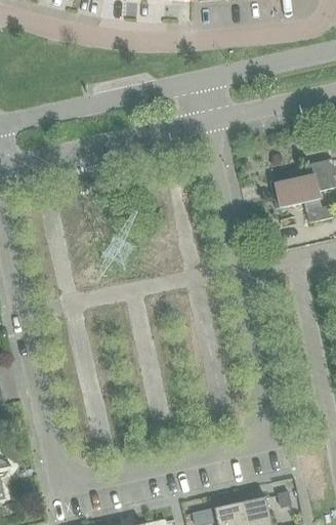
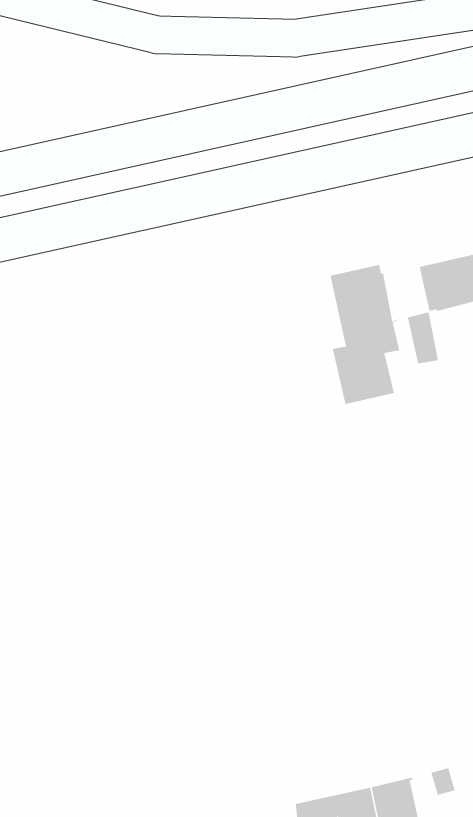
building: none -> [330,264,439,405]

